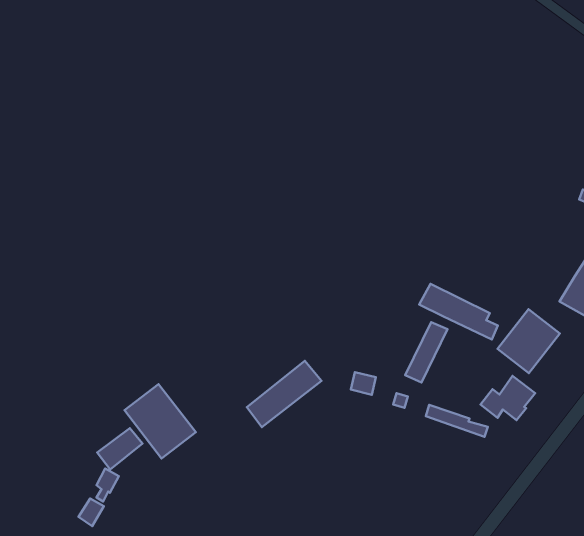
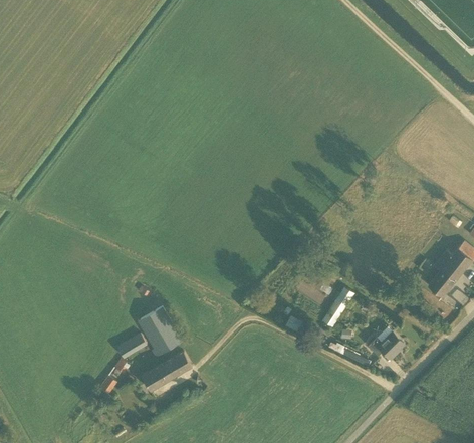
building: [419,284,498,339] -> none
building: [497,309,560,373] -> none
building: [247,361,321,427] -> [142,353,192,392]

